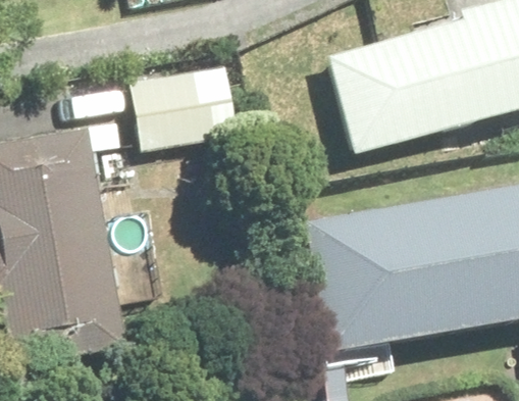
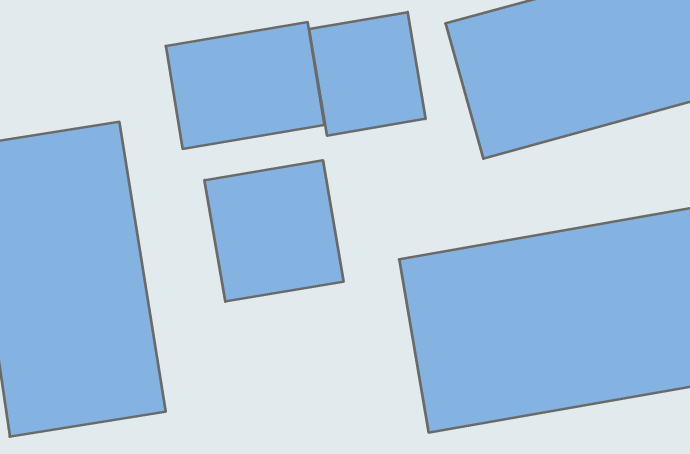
building: none -> [309,12,425,136]
building: none -> [205,160,343,302]

